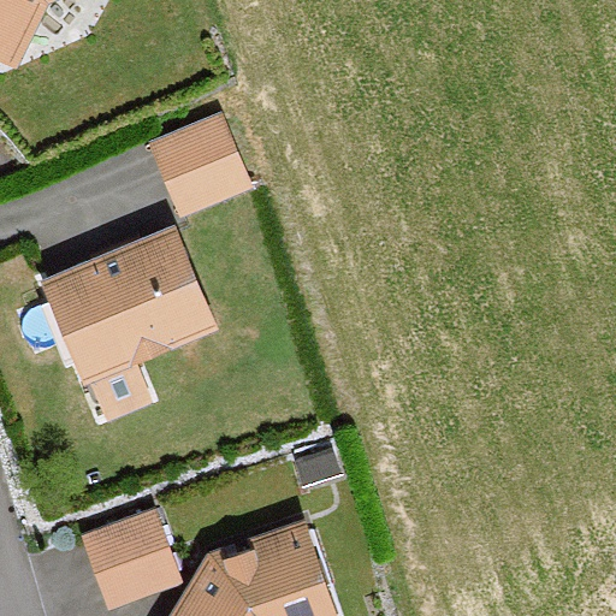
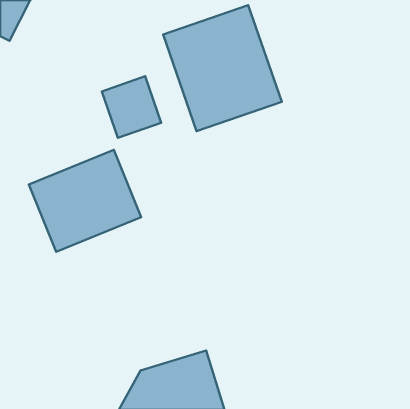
building: none -> [163,5,282,131]
building: [77,504,182,606] -> none

